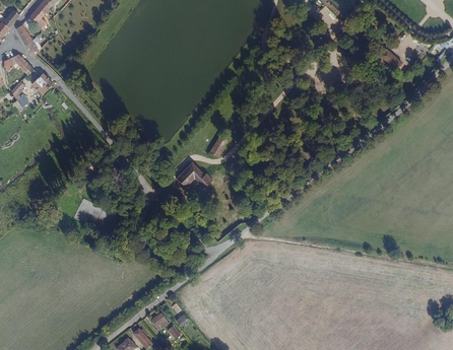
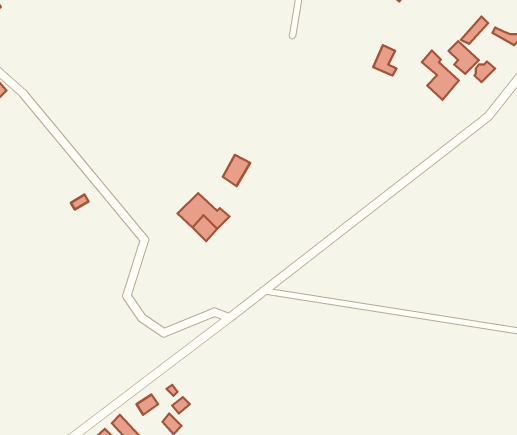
building: none -> [422,50,459,100]

